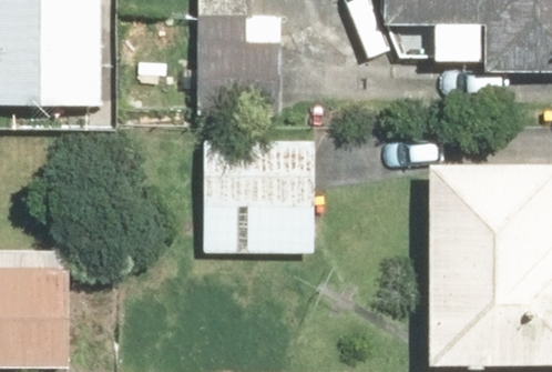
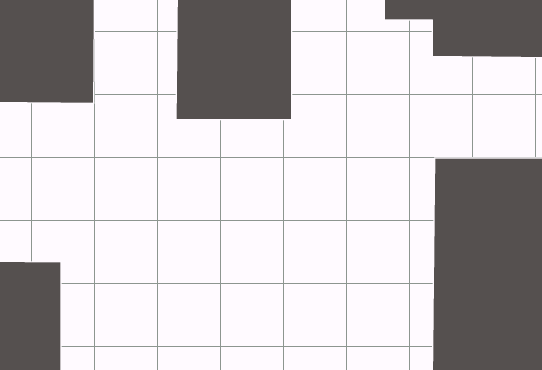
building: [197,138,318,252] -> none

